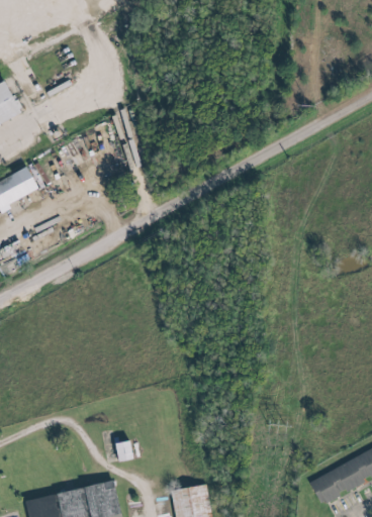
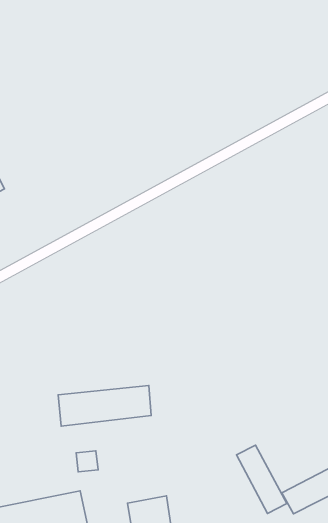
building: none -> [58,385,151,426]
building: none -> [237,445,287,514]

